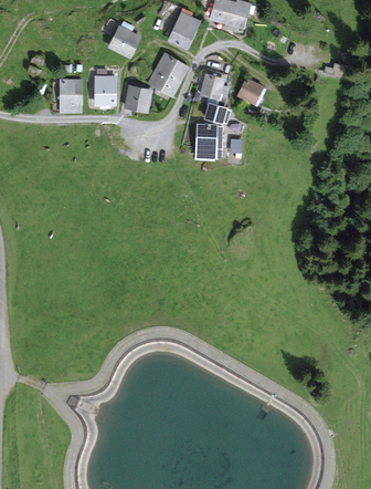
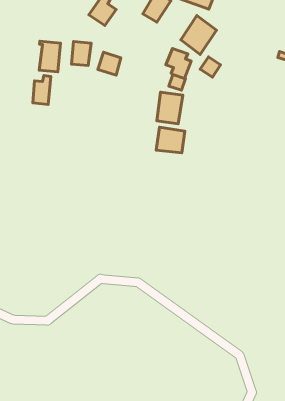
building: [148,53,187,96] -> [181,15,216,55]
building: none -> [33,75,51,104]
building: none -> [156,127,185,153]

